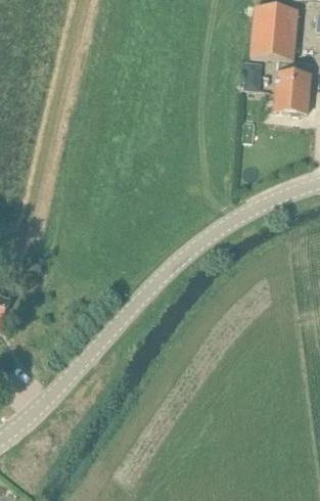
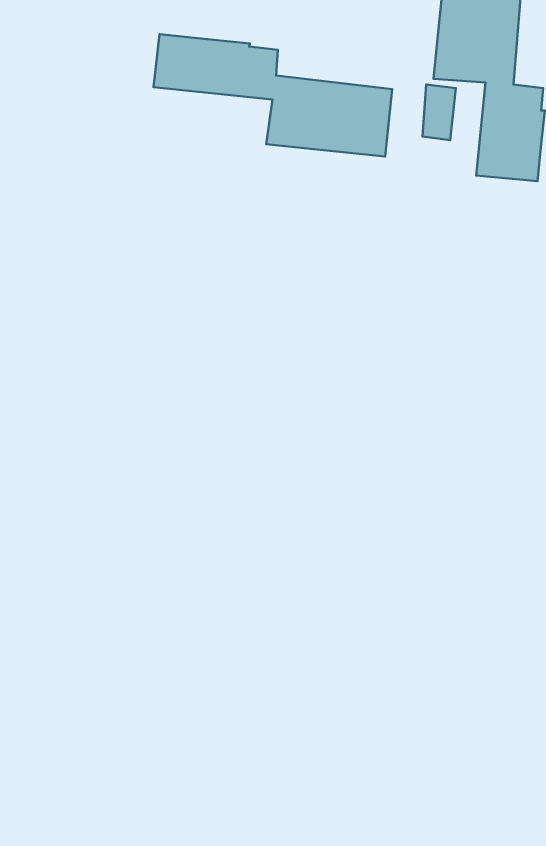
building: none -> [153,34,392,156]

